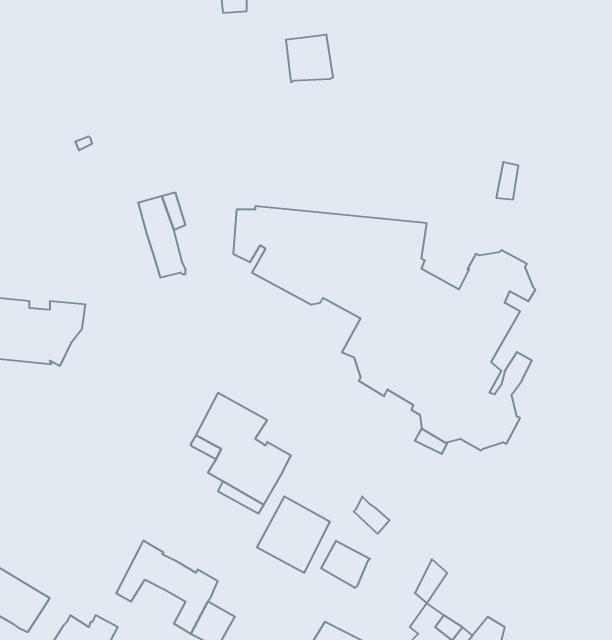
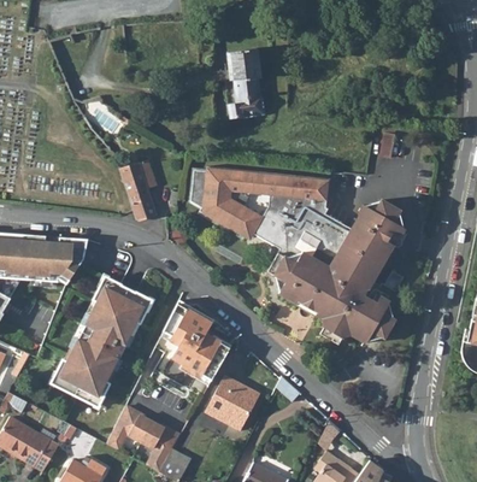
building: none -> [228,78,264,118]
building: none -> [52,276,149,406]
building: [321,541,370,588] -> none

